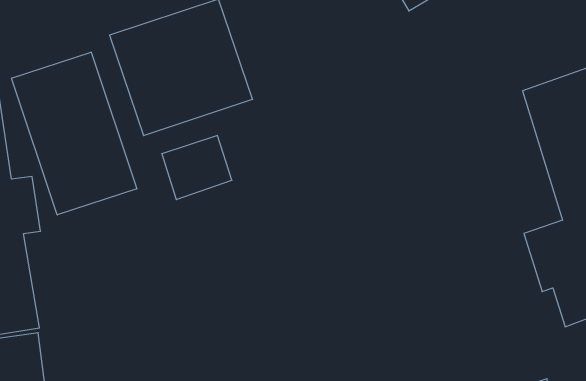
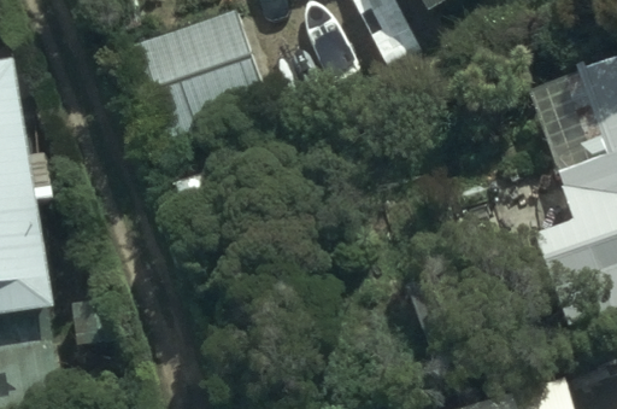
building: [12,52,137,215] -> none

